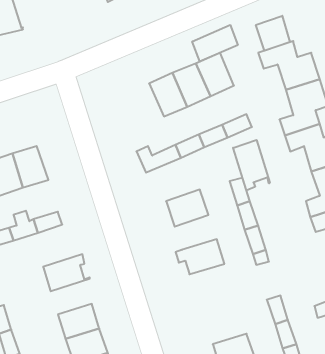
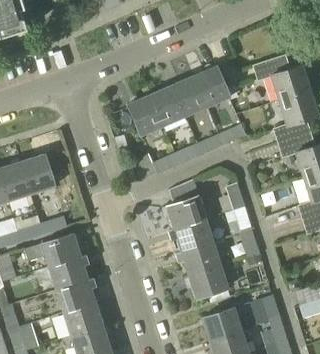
building: [256,16,290,51] -> none
building: [192,25,238,62] -> none
building: none -> [128,95,164,136]
building: [233,140,270,191] -> none
building: none -> [168,219,214,252]
building: none -> [25,234,87,268]
building: none -> [188,265,229,298]
building: none -> [57,279,97,313]
building: none -> [202,307,242,341]

